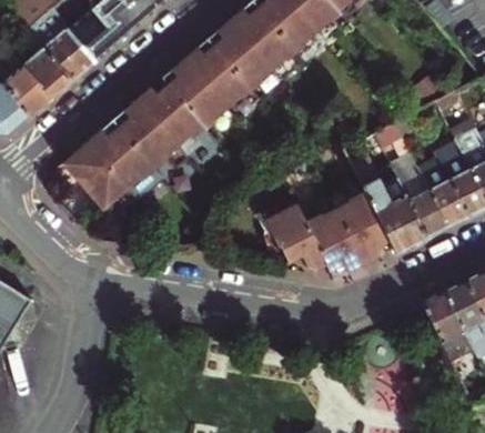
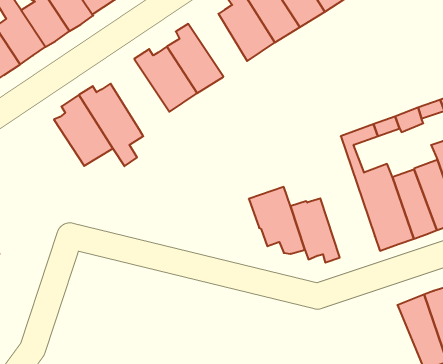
building: [186,44,247,104] -> none
building: [119,98,179,165] -> none
building: [334,191,391,264] -> none

